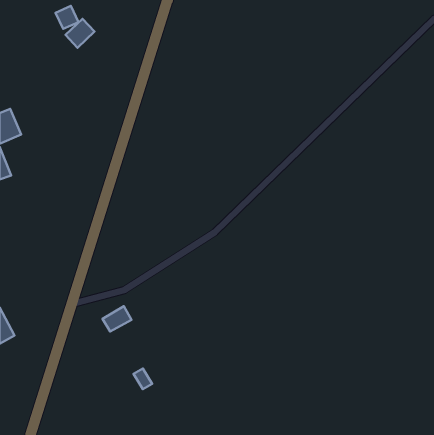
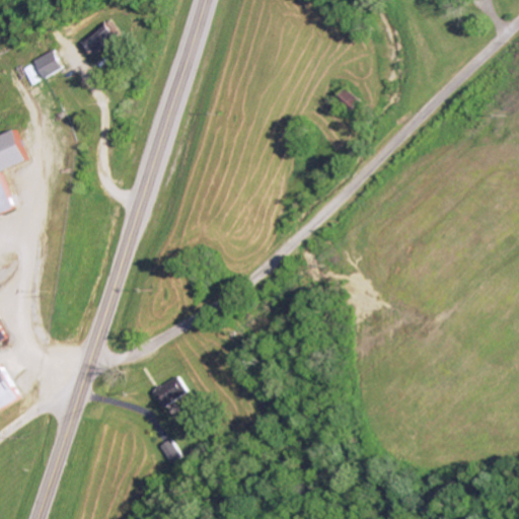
building: [55,6,78,29] -> [31,51,59,78]
building: [102,306,131,332] -> [153,376,188,406]

